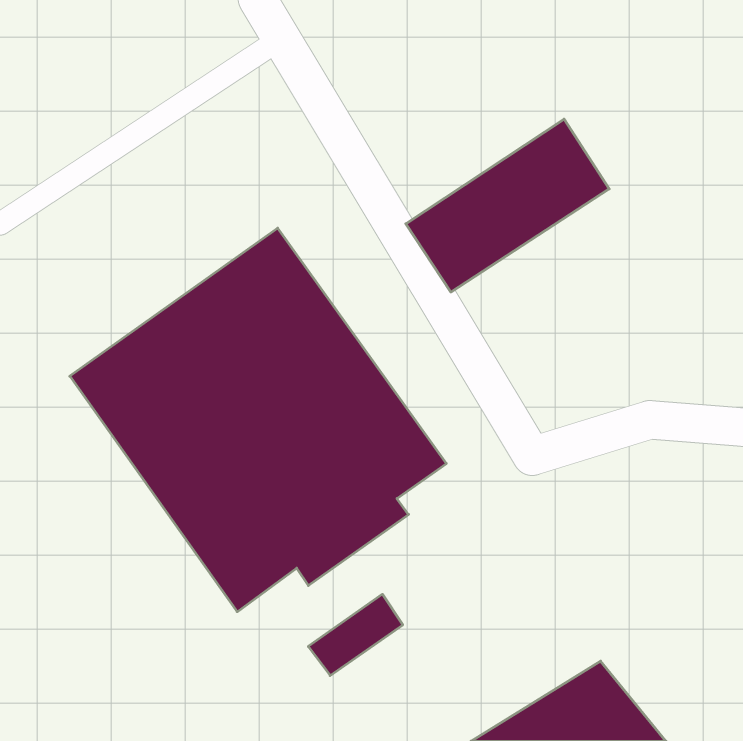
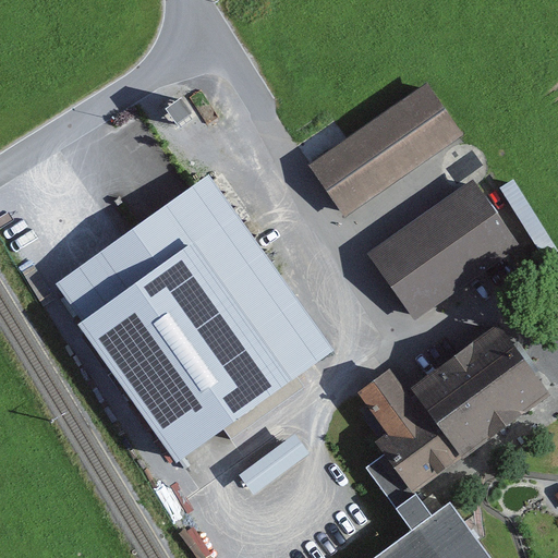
building: none -> [363,186,513,325]
building: none -> [354,326,544,495]

